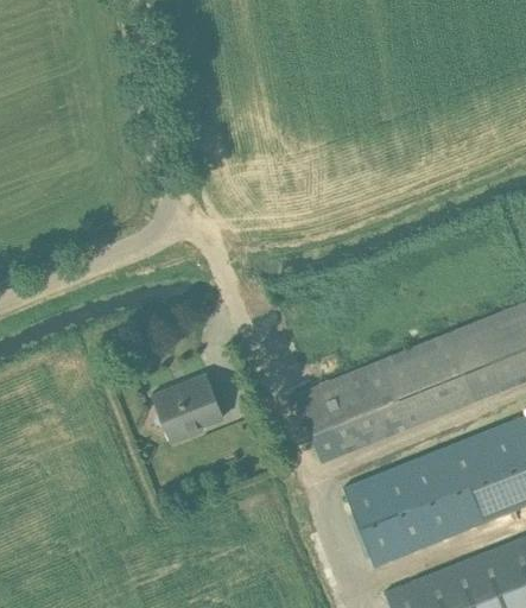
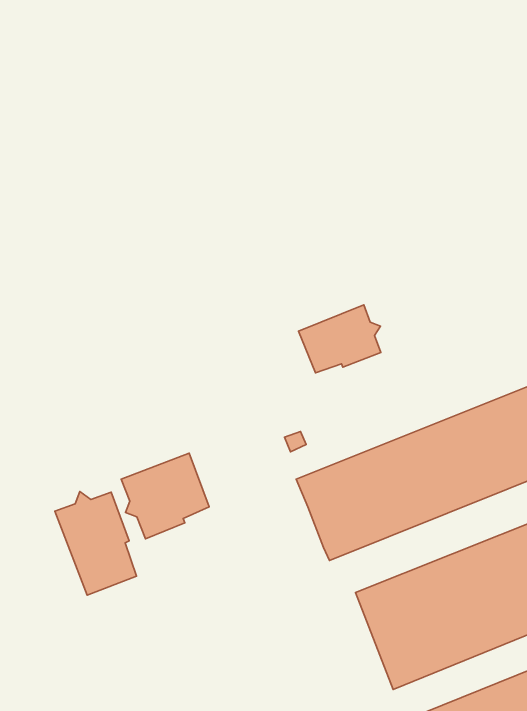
building: none -> [298,305,381,373]
building: none -> [55,491,136,595]

